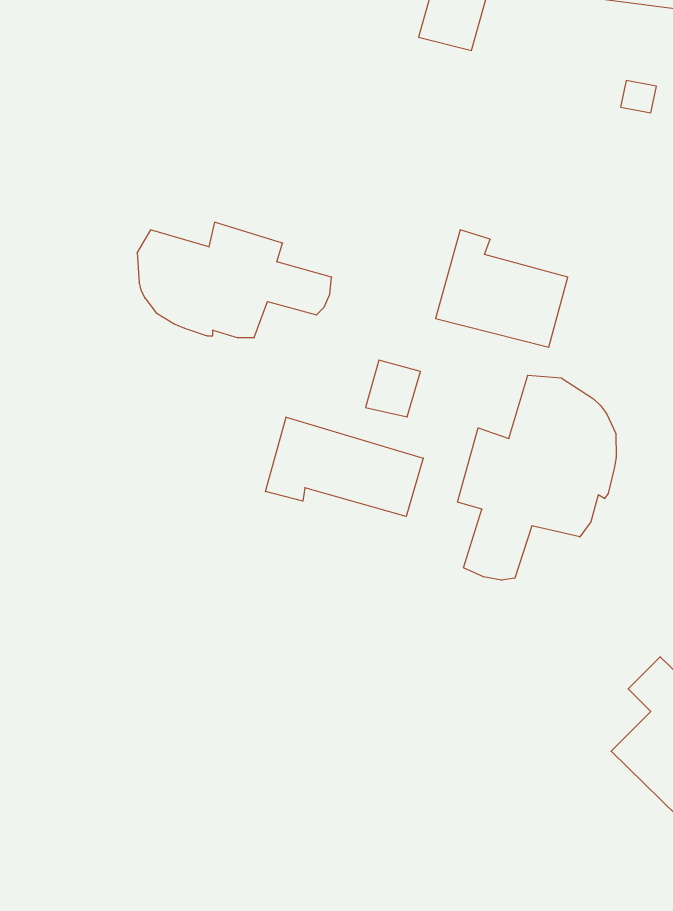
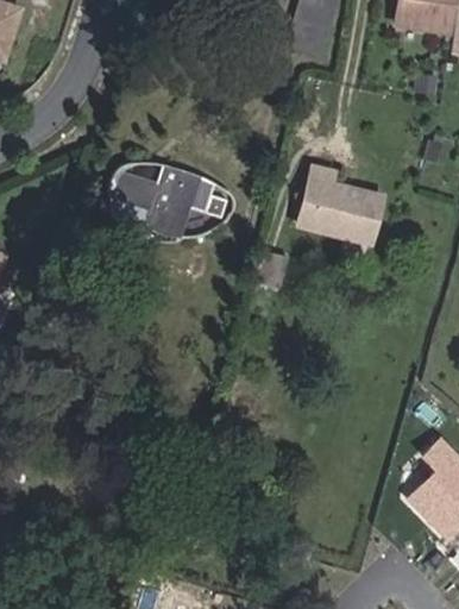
building: [457,375,616,580] -> none
building: [265,417,423,516] -> none

